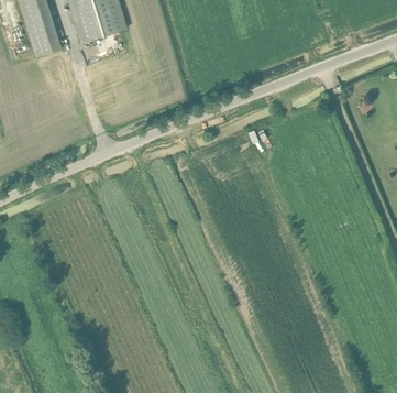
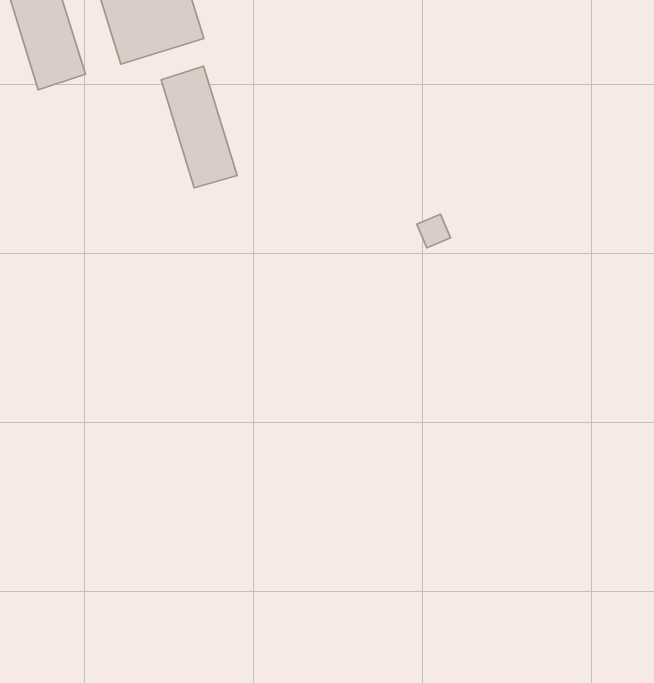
building: none -> [161,66,237,188]

